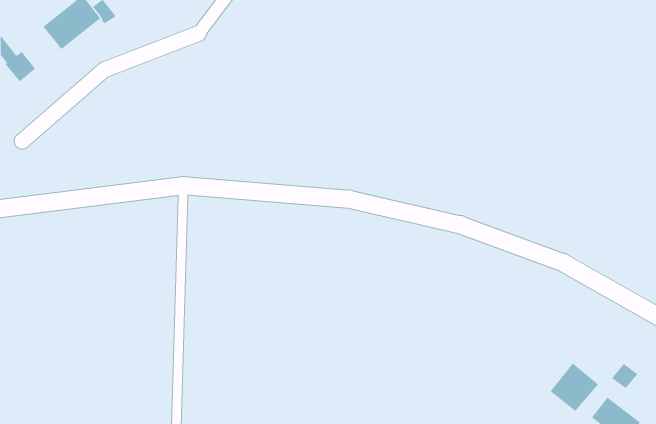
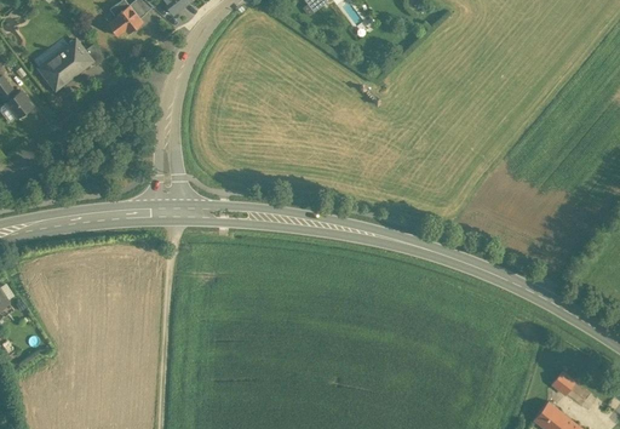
building: [550,363,599,412] -> none

